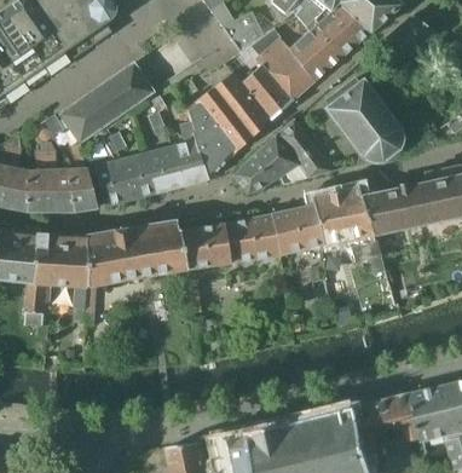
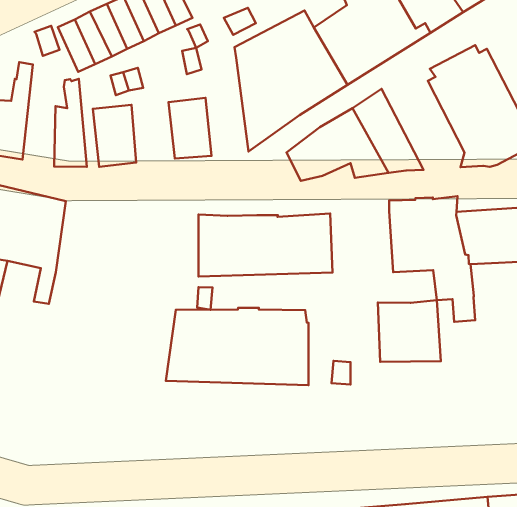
building: [171,120,207,185] -> none
building: [46,142,73,210] -> none
building: [120,152,156,198] -> none
building: [271,203,322,253] -> [378,300,441,362]
building: [85,219,186,284] -> [166,308,309,385]

